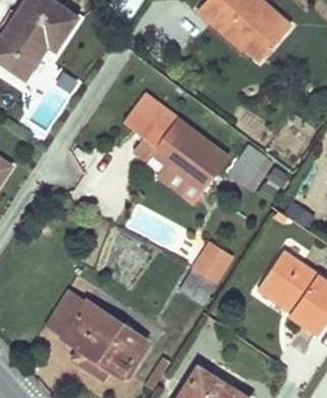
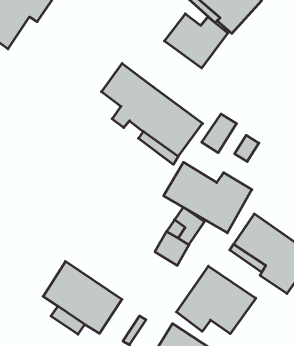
building: none -> [164,14,228,68]
building: none -> [164,162,252,233]
building: [45,290,86,338] -> none
building: none -> [176,266,256,334]

